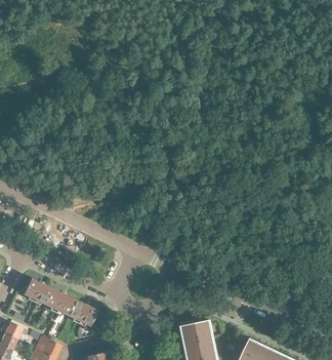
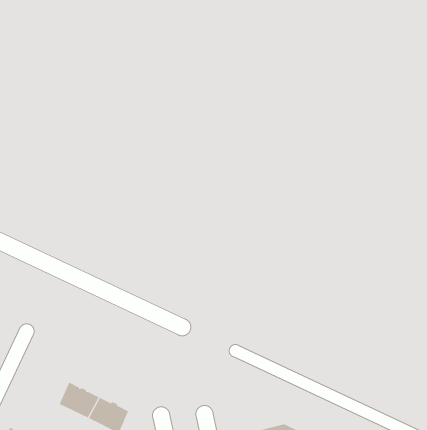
building: [24,278,53,305] -> none

